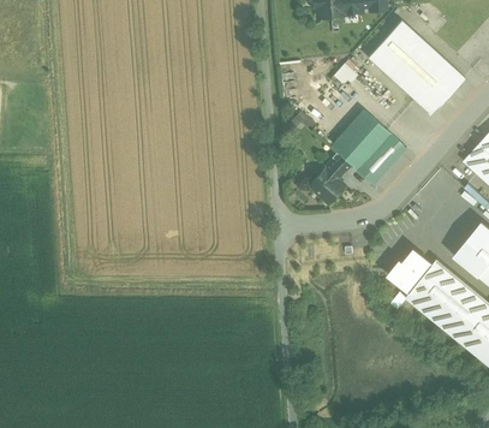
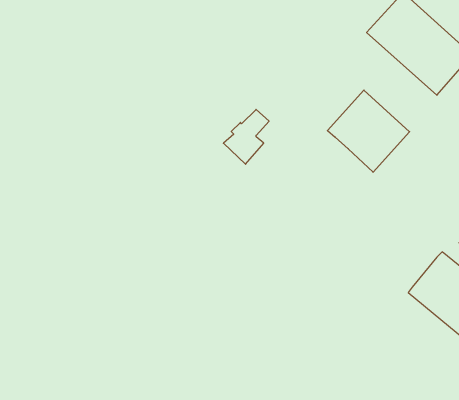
building: [308,154,350,204] -> [223,109,269,164]
building: [389,251,431,292] -> none

